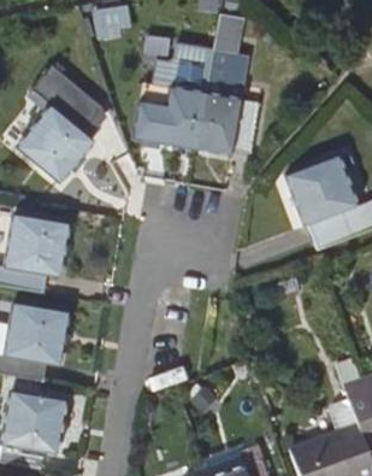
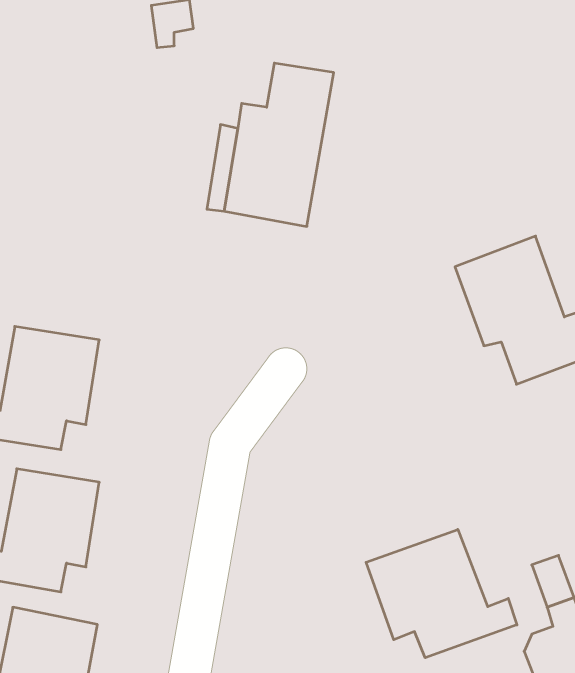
building: [196,20,260,155] -> none
building: [18,67,104,181] -> none
building: none -> [366,529,517,658]

